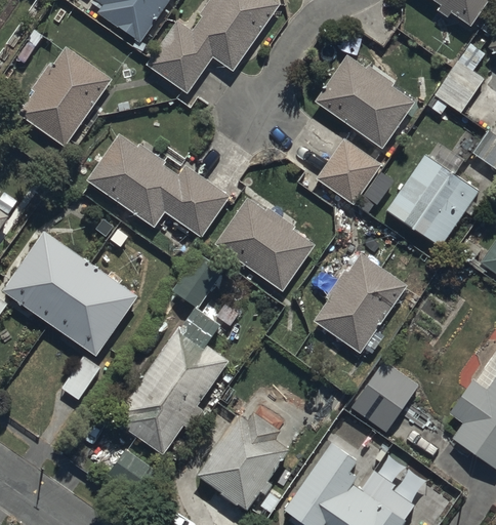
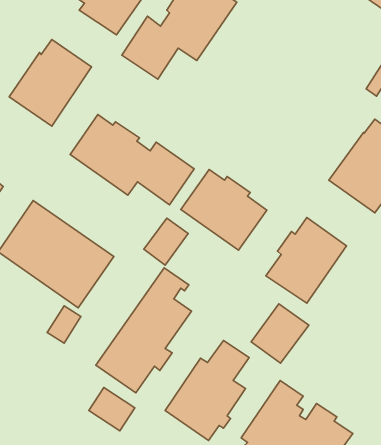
building: [315,55,415,149] -> none
building: [317,138,381,204] -> none
building: [353,361,419,430] -> [251,304,309,363]

